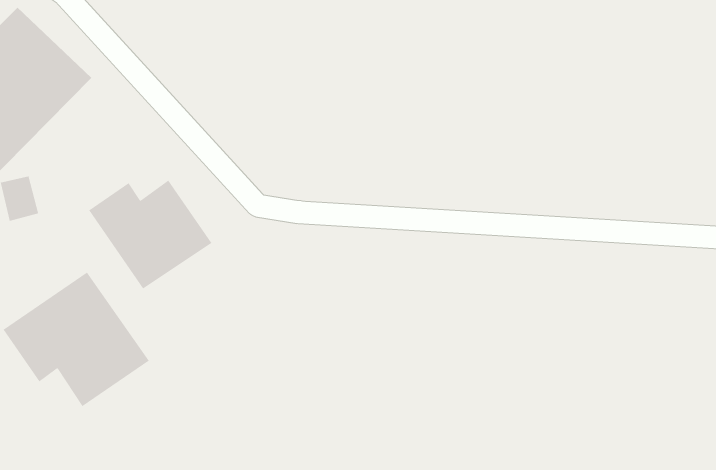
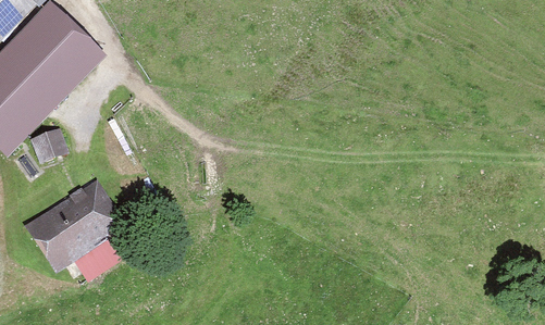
building: [88,179,212,289] -> none

